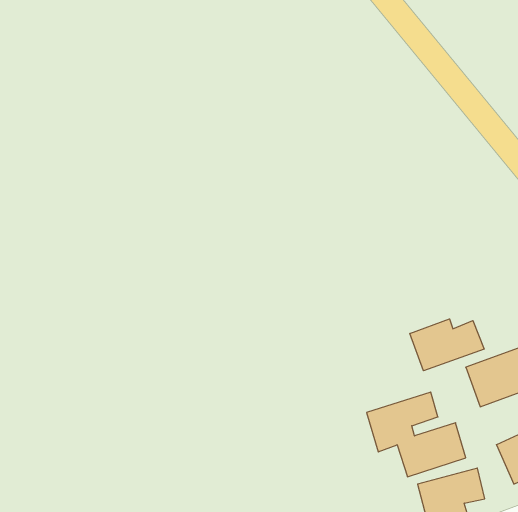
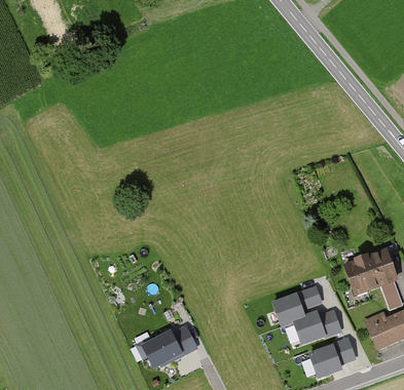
building: [410,319,484,371] -> none
building: none -> [137,325,194,364]

